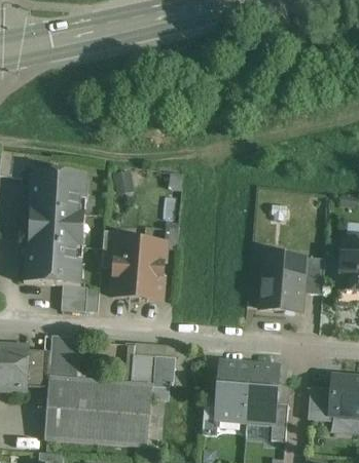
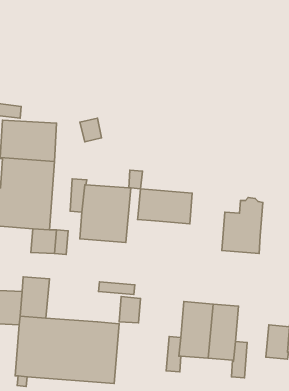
building: none -> [137,189,192,224]
building: [300,257,324,294] -> none
building: [130,353,154,384] -> none

